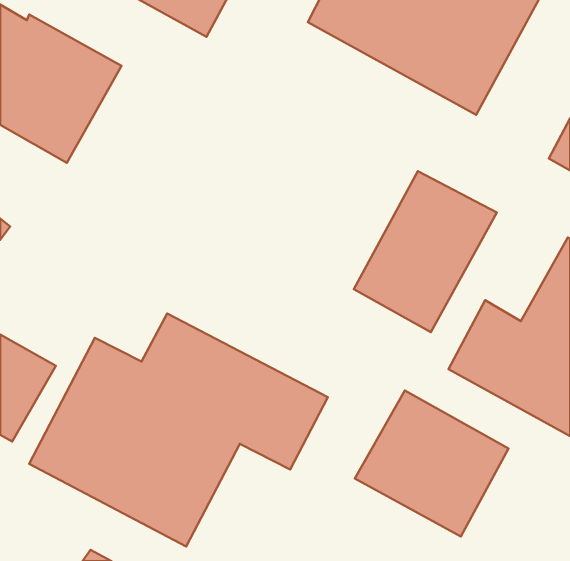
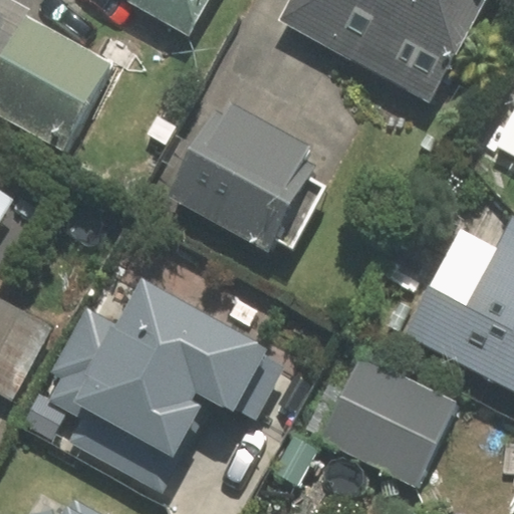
building: none -> [170,106,324,251]
building: [354,171,497,332] -> none

